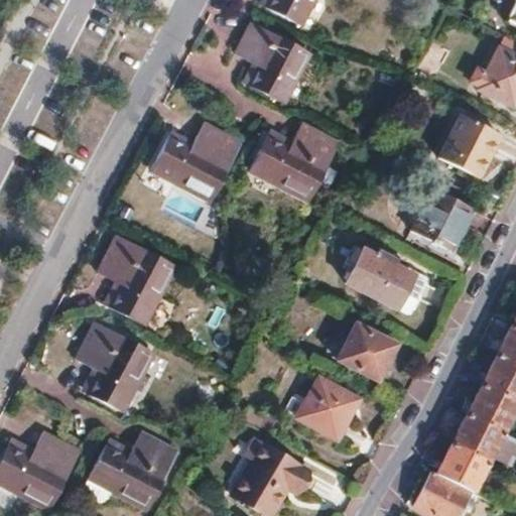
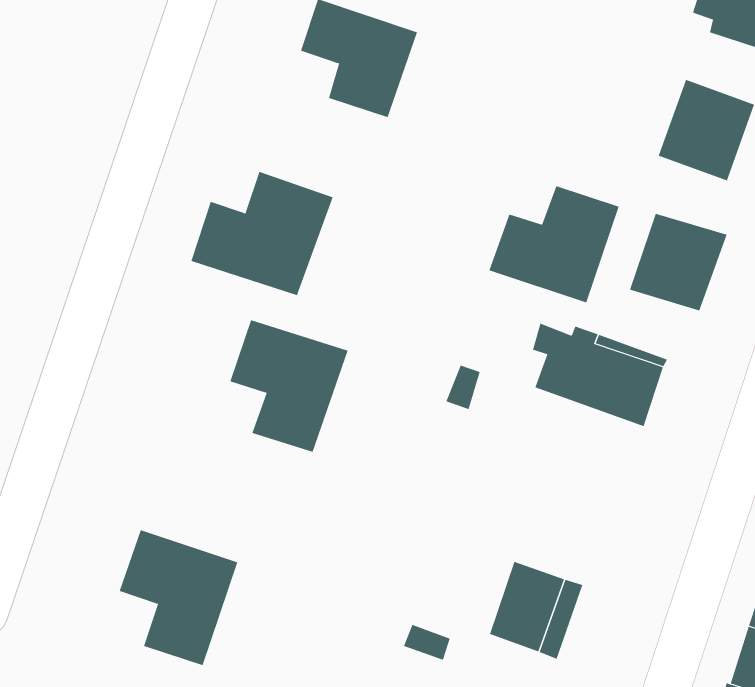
building: [256,129,339,201] -> [488,186,620,303]
building: [102,238,174,321] -> [229,320,349,453]
building: [337,321,393,377] -> none

